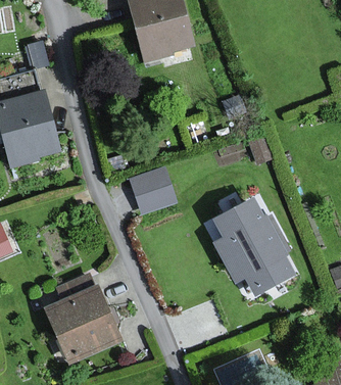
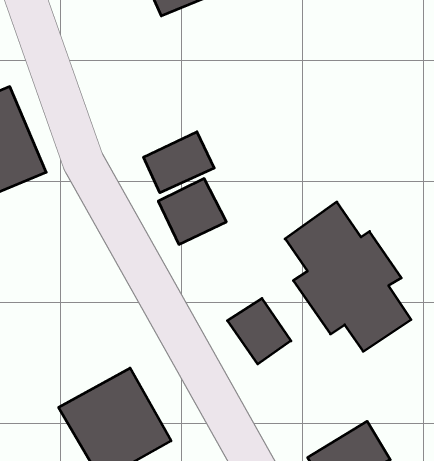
building: none -> [144,132,214,193]
building: none -> [227,298,291,364]

